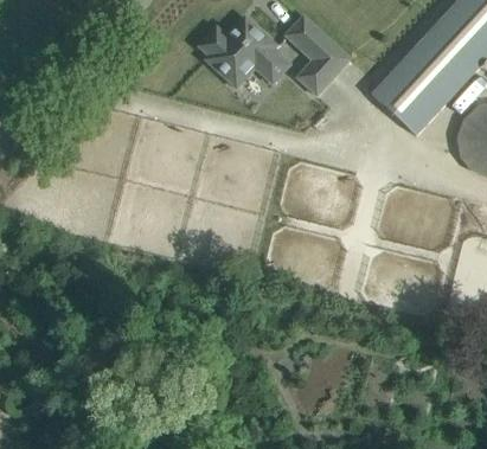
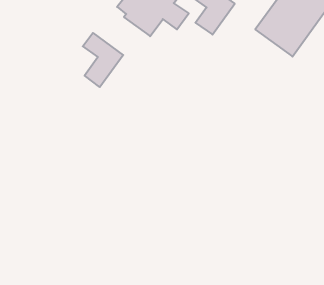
building: none -> [83,33,123,87]

